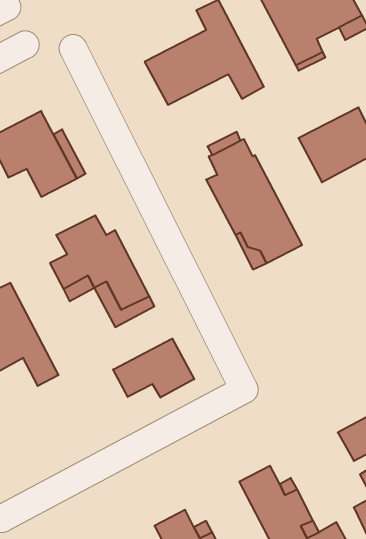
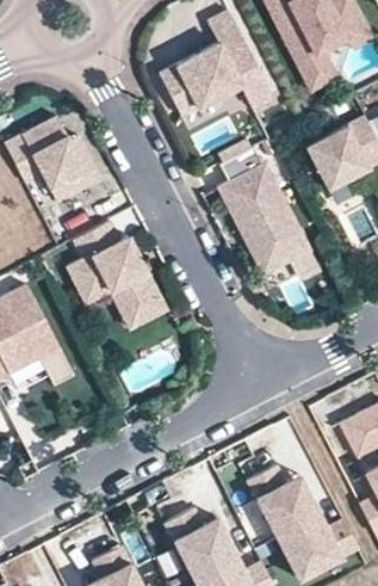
building: [113,339,194,398] -> none

